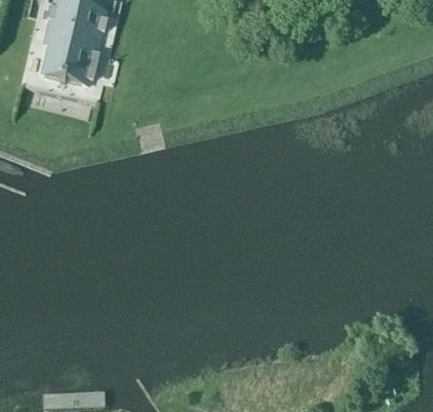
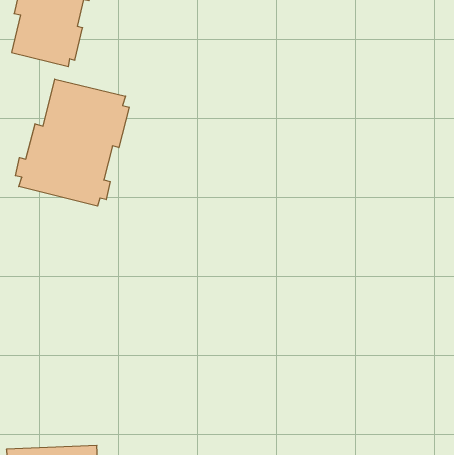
building: none -> [15,79,129,206]

